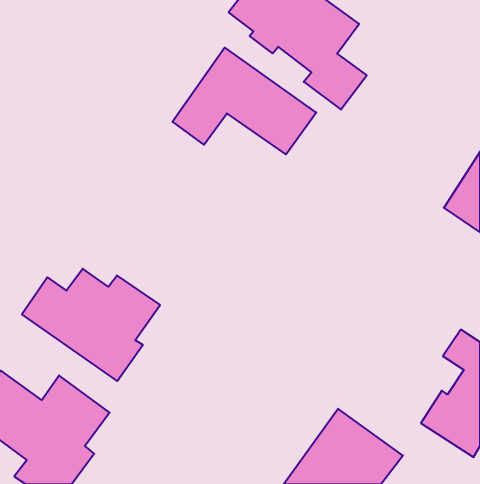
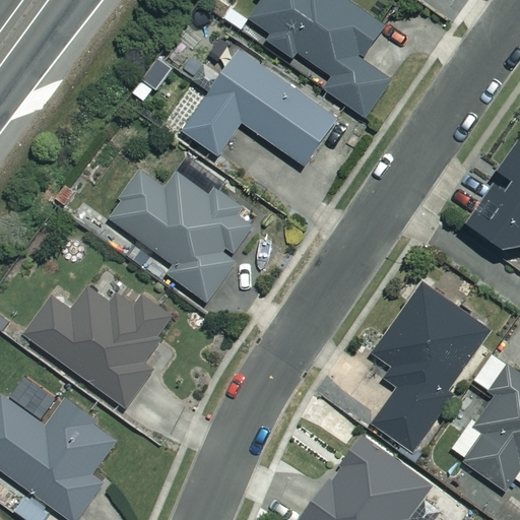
building: none -> [108,171,257,301]
building: none -> [372,283,489,451]

